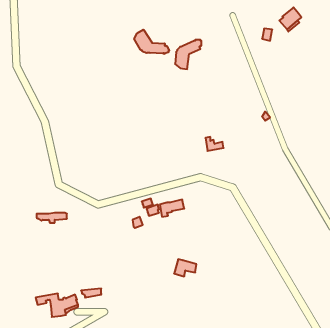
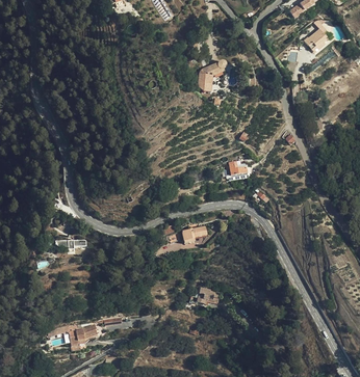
building: [134,30,169,54] -> none

